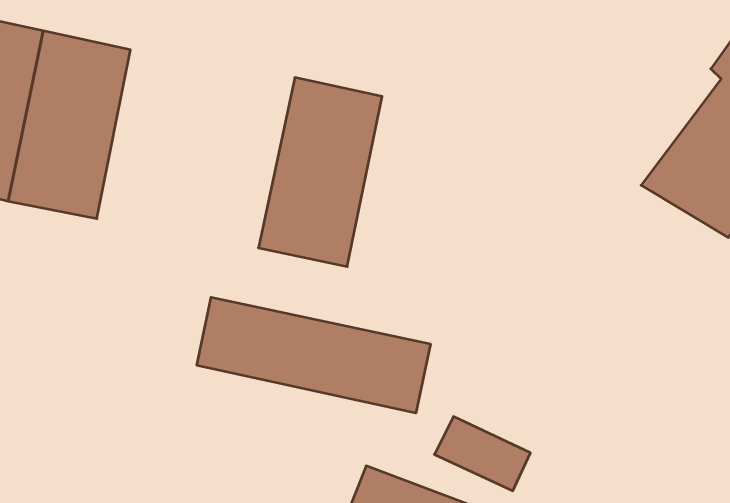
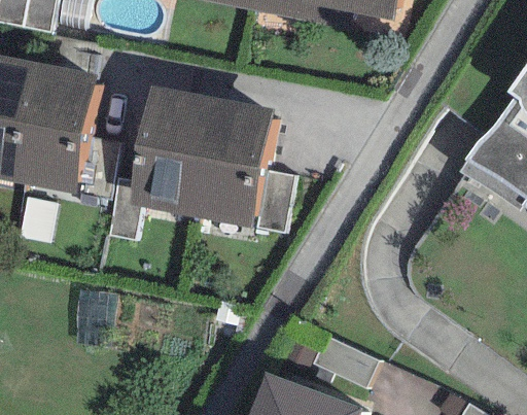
building: none -> [126,82,214,215]
building: [197,297,430,413] -> none

